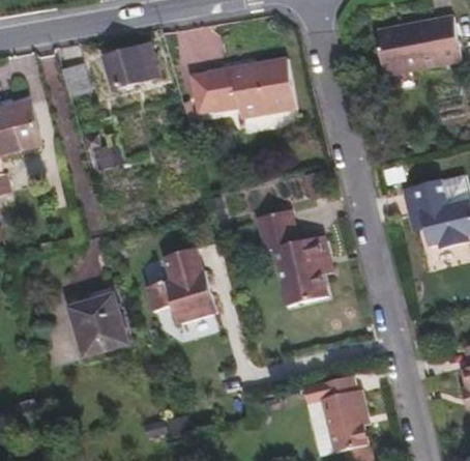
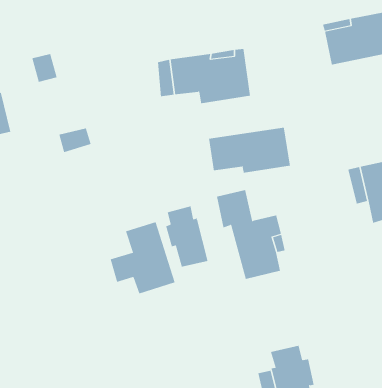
building: [105,48,155,89] -> none
building: none -> [208,127,291,174]
building: none -> [166,206,208,268]
building: [68,295,126,355] -> none

